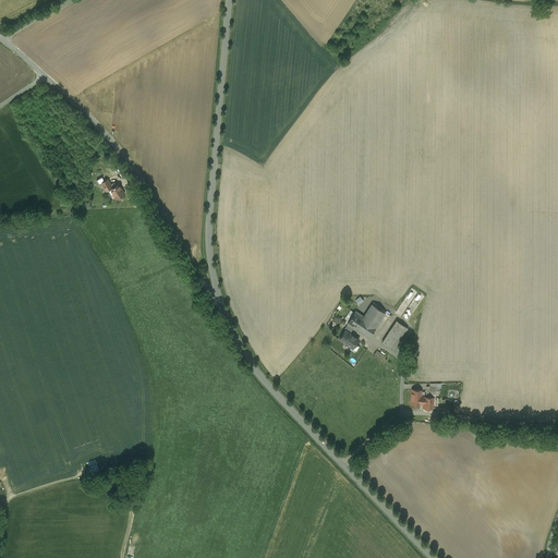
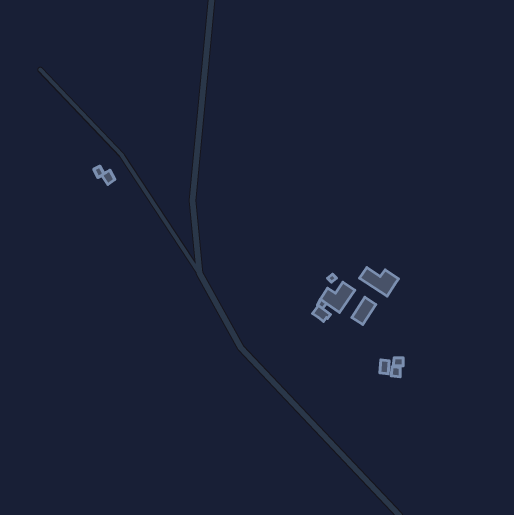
building: none -> [360,267,398,296]

